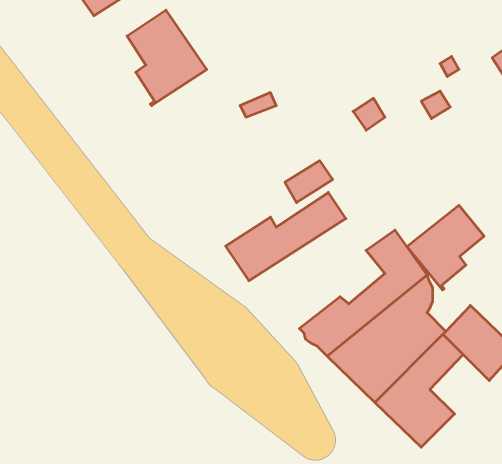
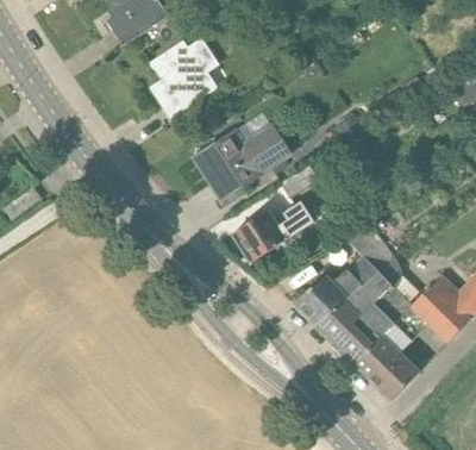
building: none -> [193,125,289,199]
building: [407,205,484,290] -> none

